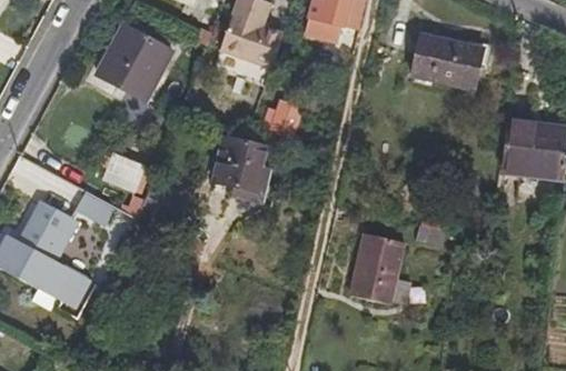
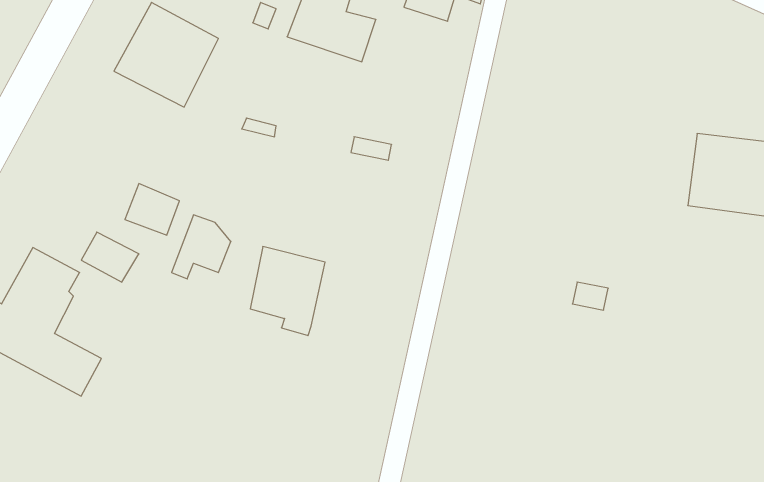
building: [414,32,486,88] -> none
building: [214,137,267,200] -> [250,247,325,336]
building: [355,233,407,302] -> none

